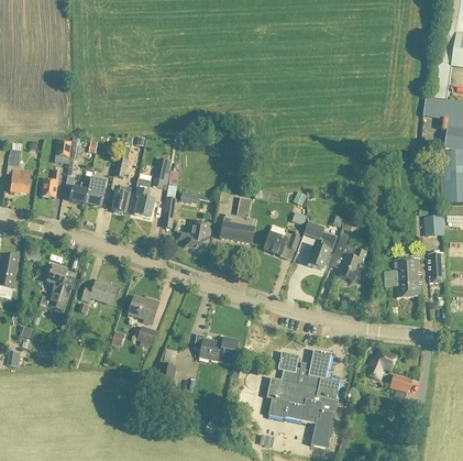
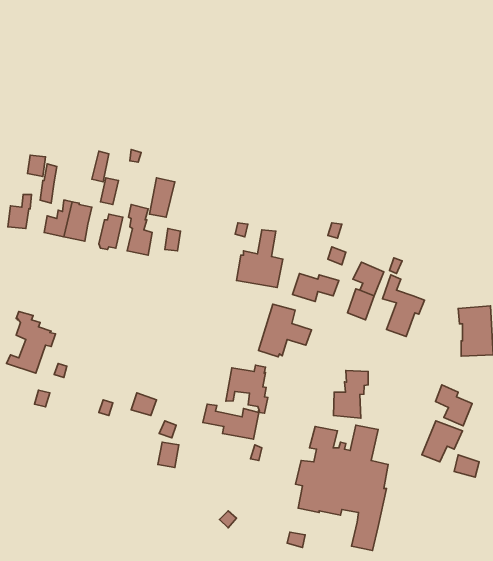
building: [178,218,211,250] -> none
building: none -> [258,304,311,357]
building: [81,279,117,306] -> none
building: [128,295,159,323] -> none
building: none -> [226,365,268,413]
building: none -> [333,370,368,418]
building: none -> [435,385,472,426]

